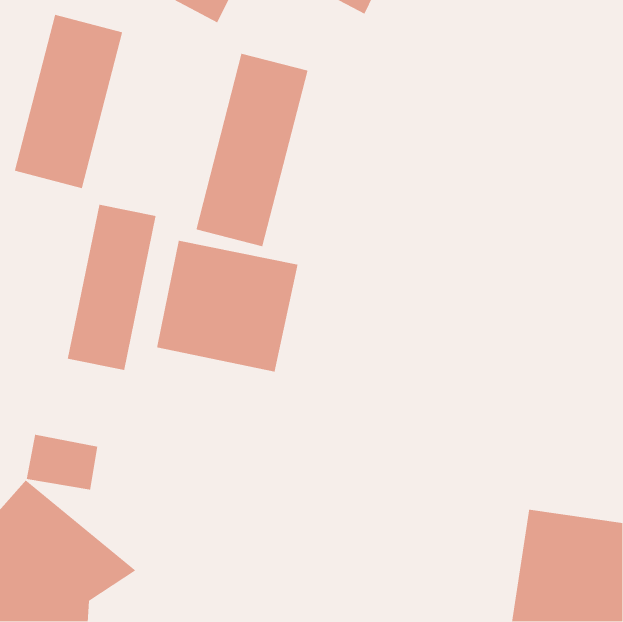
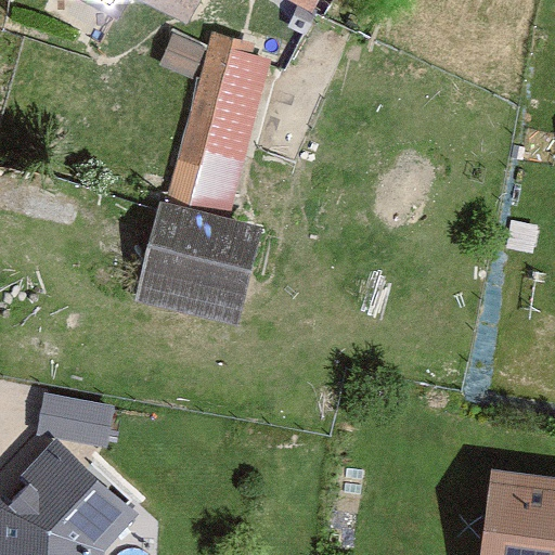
building: [14,14,123,189] -> none
building: [67,204,156,371] -> none

